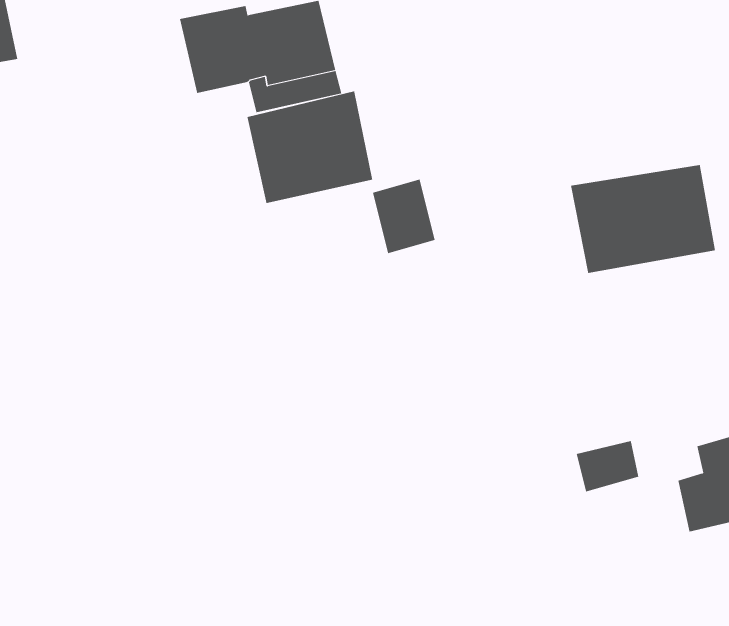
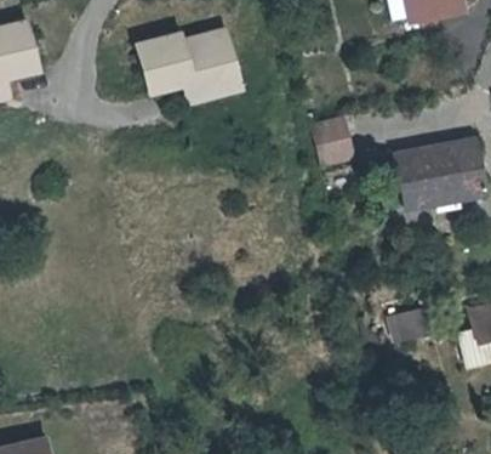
building: [247,91,373,204] -> none
building: [372,179,435,254] -> [314,118,354,165]

